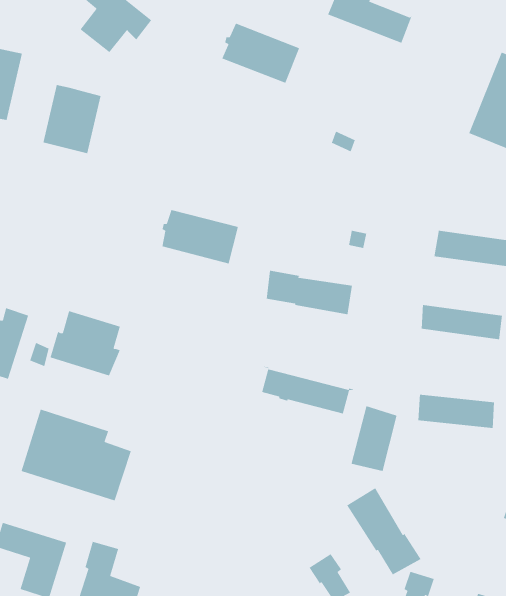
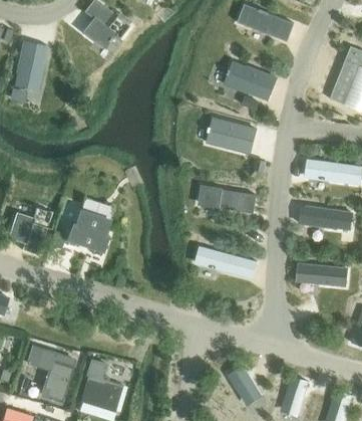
building: [221,22,300,84] -> [226,60,276,99]
building: [42,84,101,154] -> none
building: [161,209,239,264] -> [208,118,257,153]
building: [350,405,397,472] -> none
building: [20,409,132,502] -> none
building: [346,487,424,575] -> none

